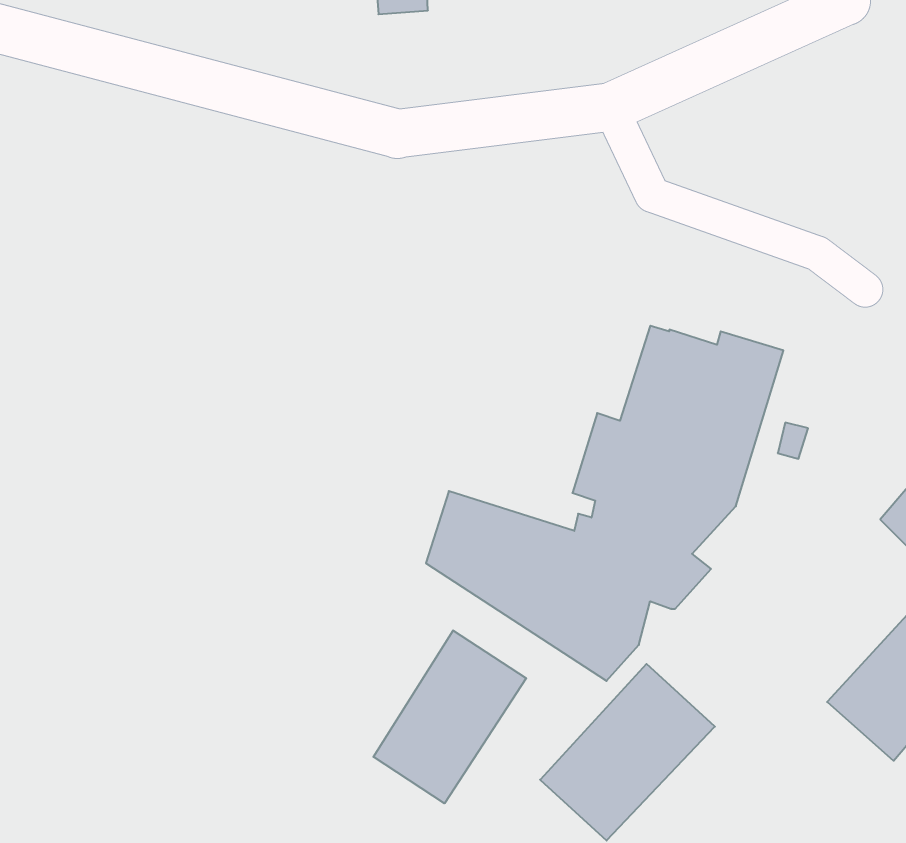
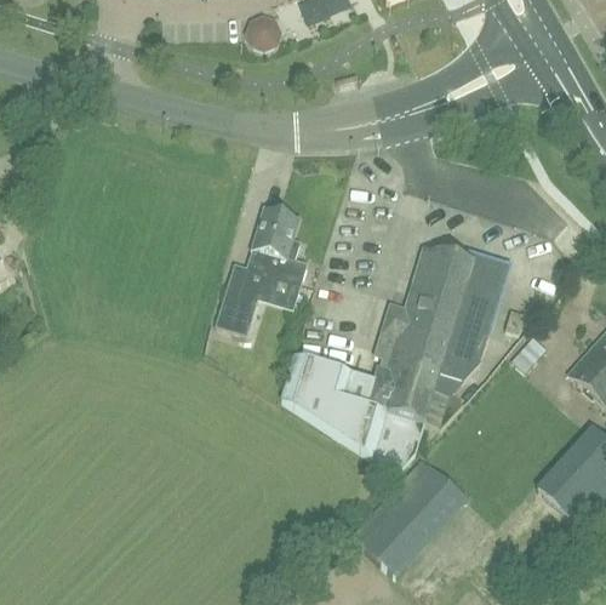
building: none -> [216,209,308,333]
building: [373,630,526,803] -> none

